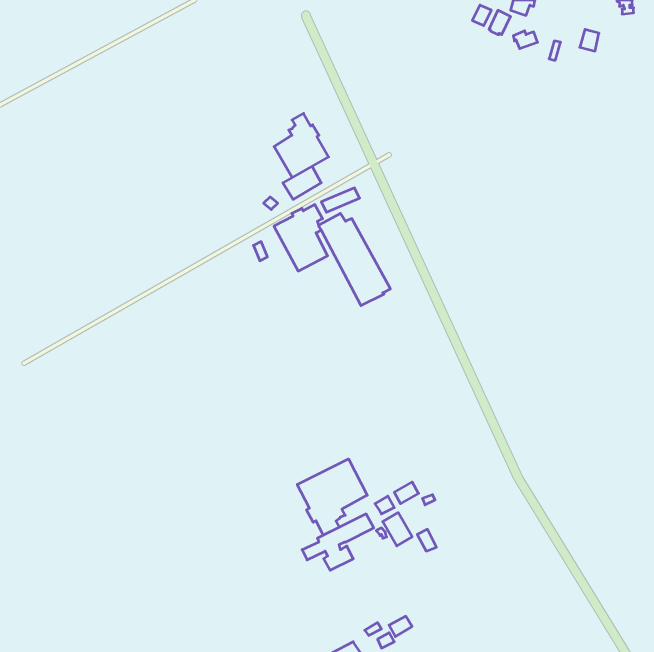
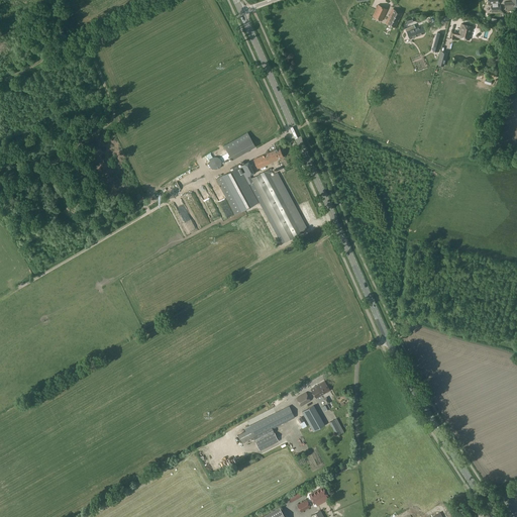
building: [274,113,329,178] -> none
building: [297,459,367,535] -> none

